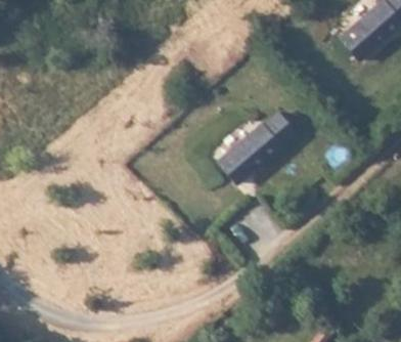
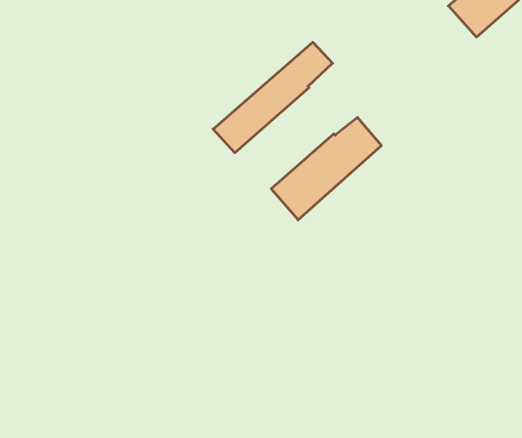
building: none -> [213,42,333,153]

